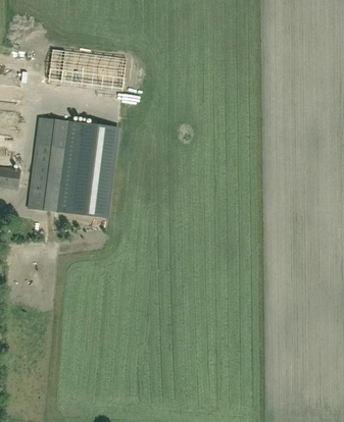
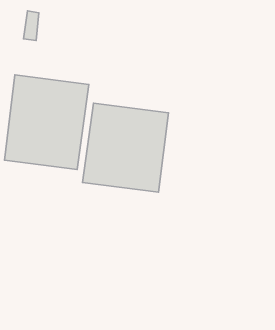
building: none -> [83,103,168,192]

